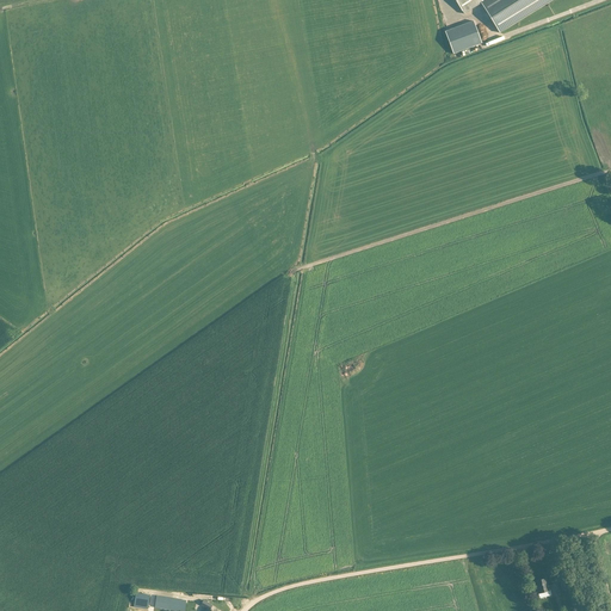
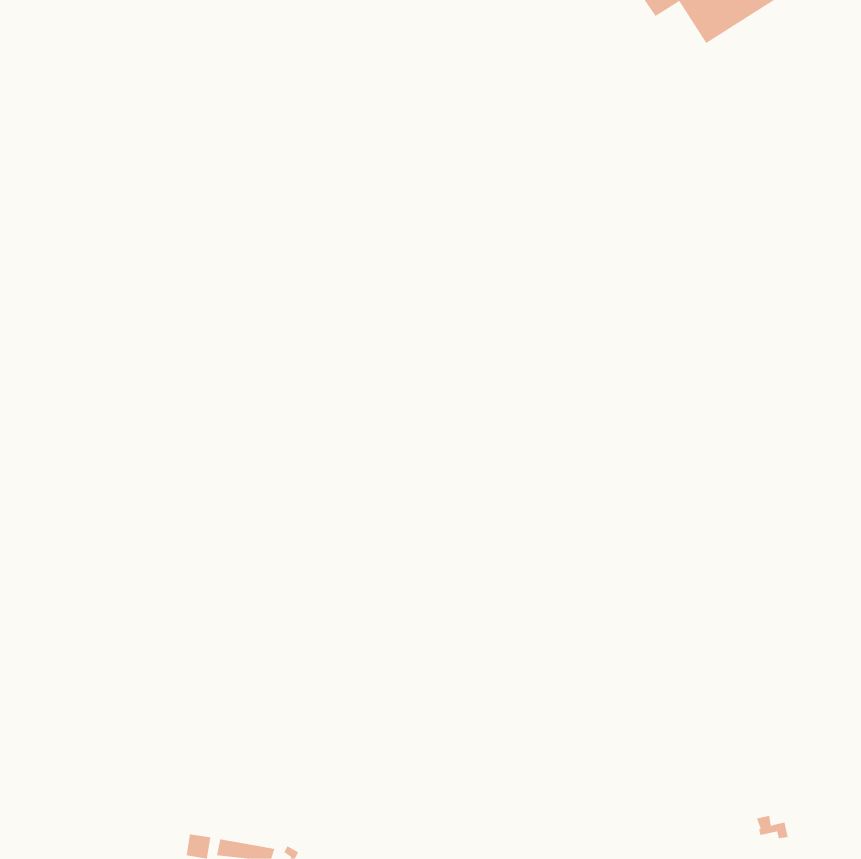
building: [444,19,481,51] -> none

